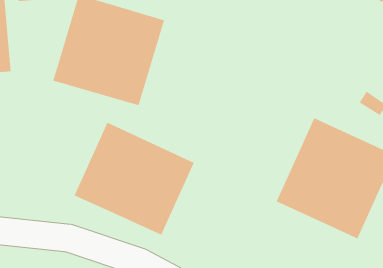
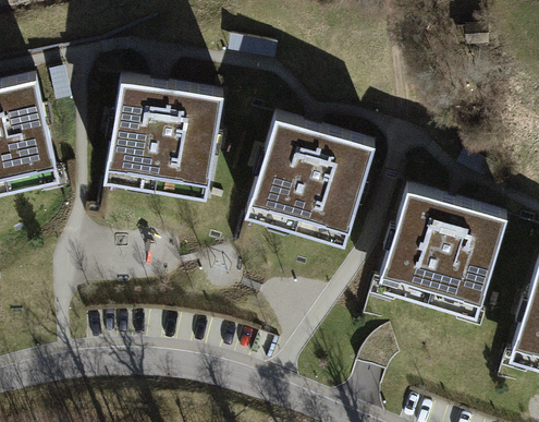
building: none -> [246,113,375,243]
building: [74,122,195,236] -> none

